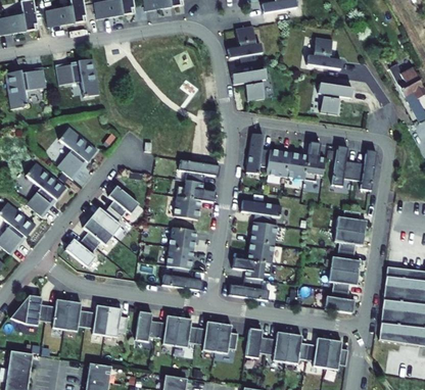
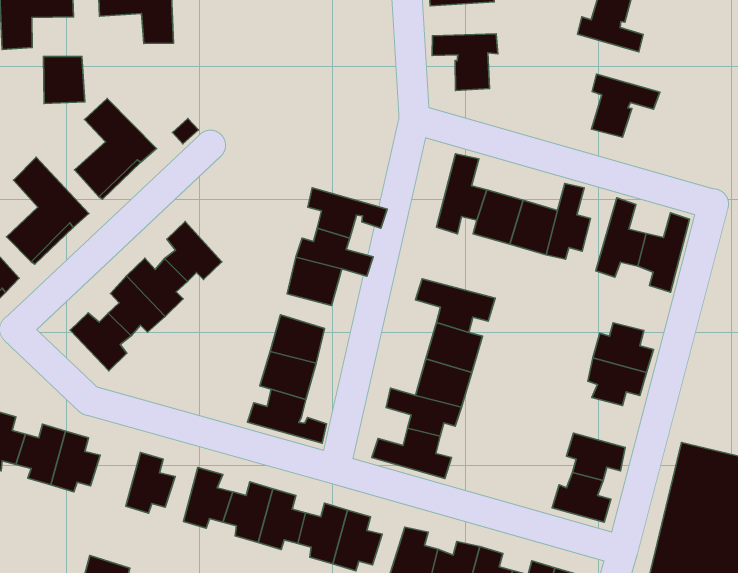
building: none -> [44,56,85,104]
building: [330,249,360,273] -> none
building: [85,304,108,335] -> none

